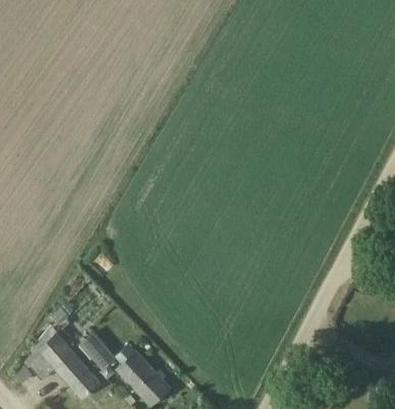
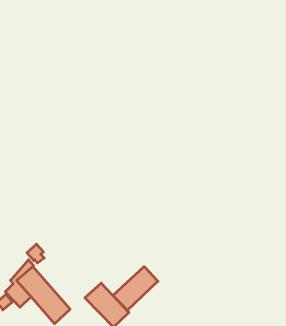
building: [81,331,117,369] -> none
building: none -> [113,267,158,310]

